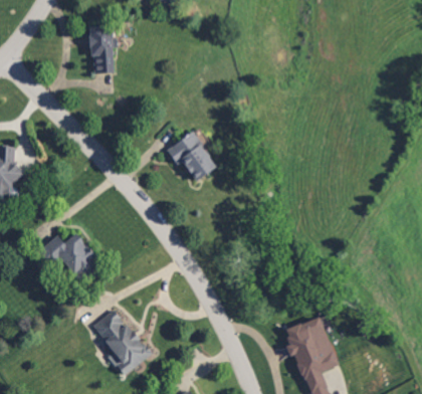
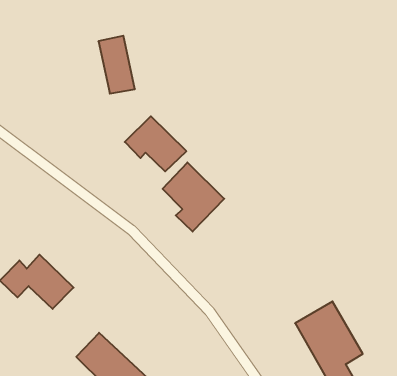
building: [89,25,114,72] -> [98,36,135,94]
building: none -> [163,162,224,232]

